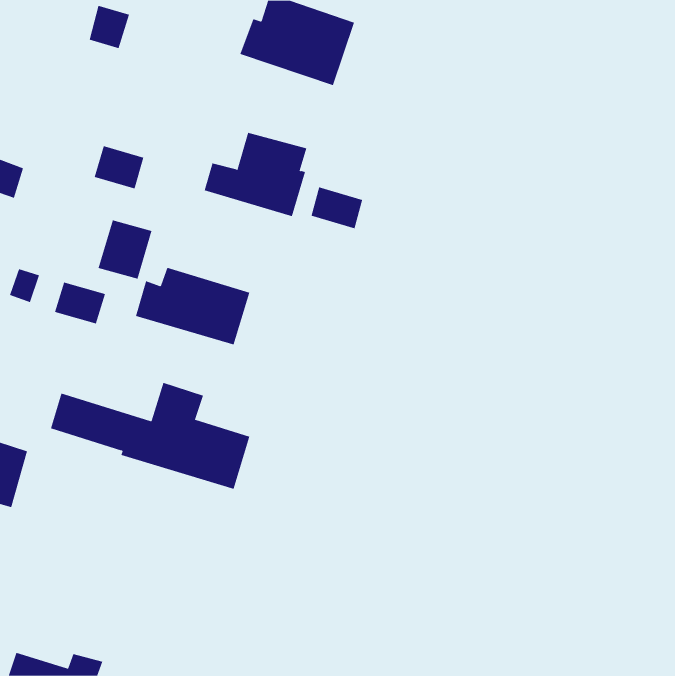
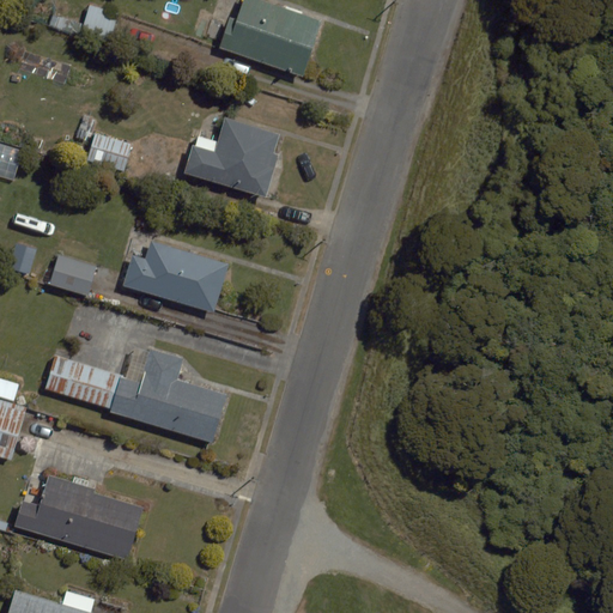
building: [311,187,363,229] -> none
building: [98,220,152,279] -> none
building: none -> [13,474,140,560]

